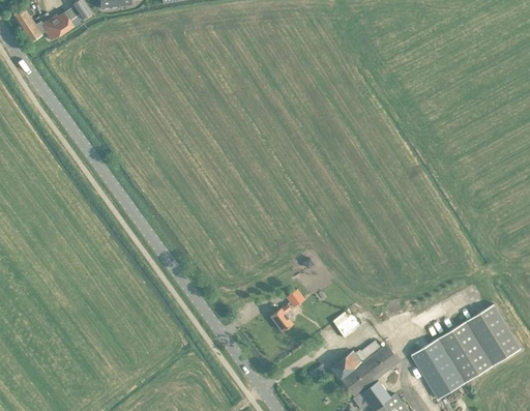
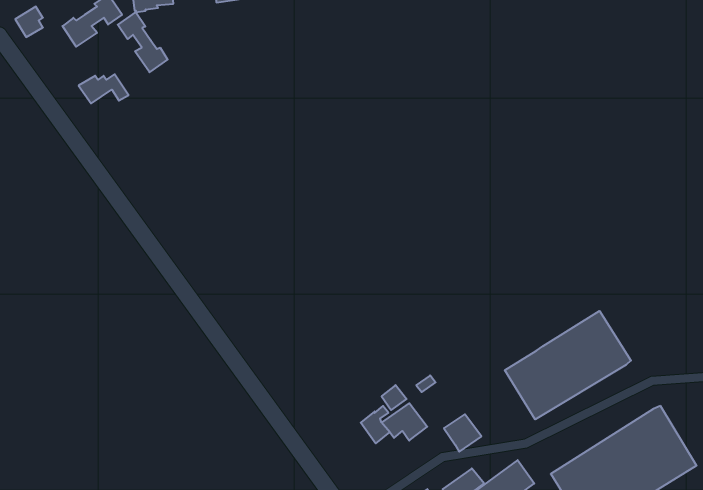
building: none -> [118,12,168,72]
building: [21,21,58,42] -> [79,74,129,103]
building: none -> [505,311,631,419]

